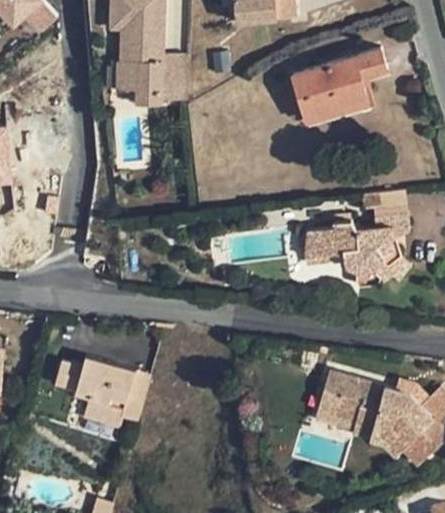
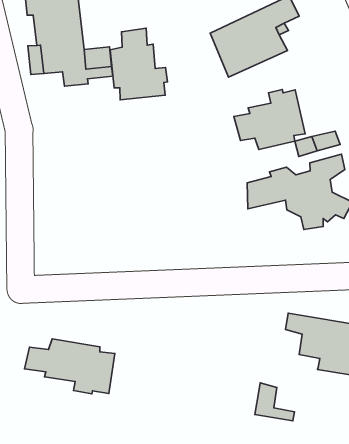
building: none -> [110,28,167,100]
building: none -> [234,89,305,150]
building: [315,384,355,427] -> [255,383,294,421]

